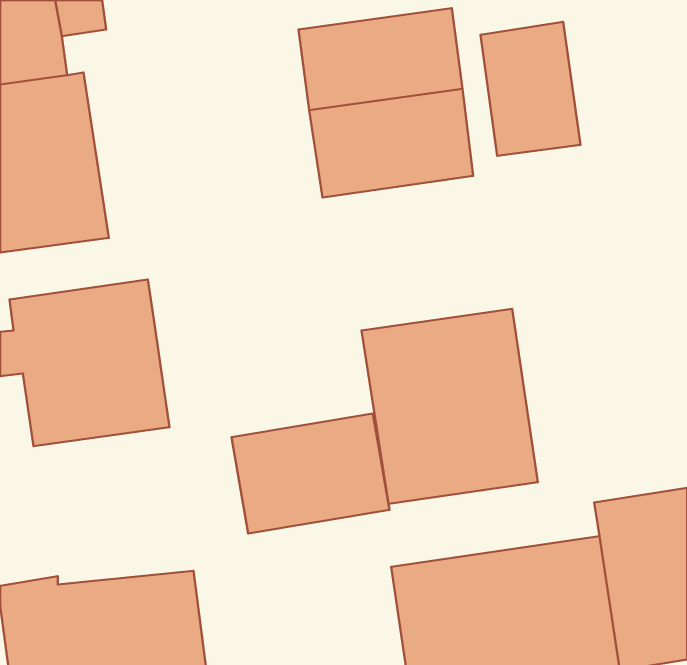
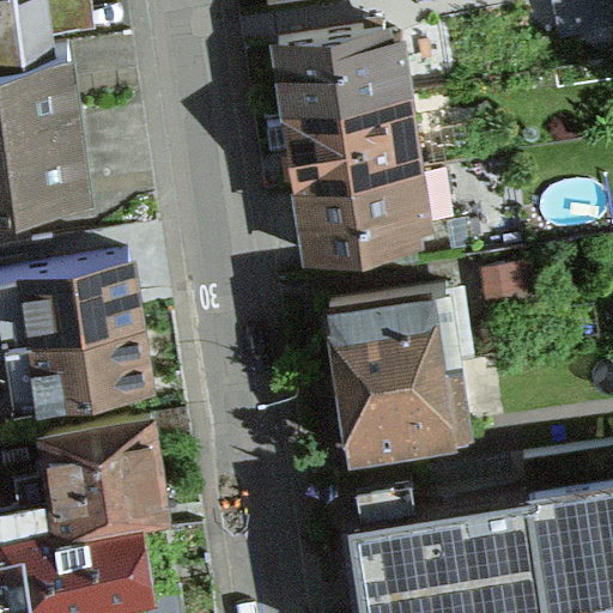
building: [480,22,580,156] -> none
building: none -> [287,176,433,277]
building: [231,413,390,534] -> none
building: none -> [38,418,172,540]

